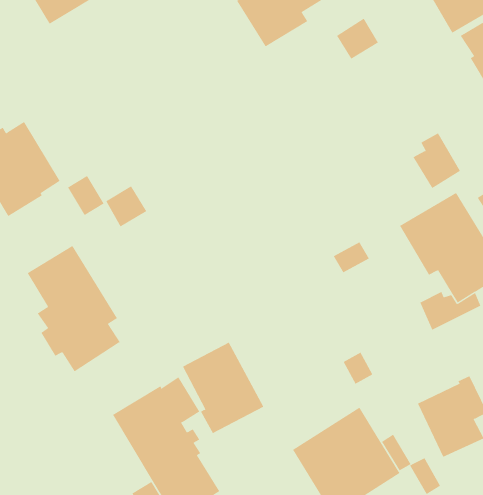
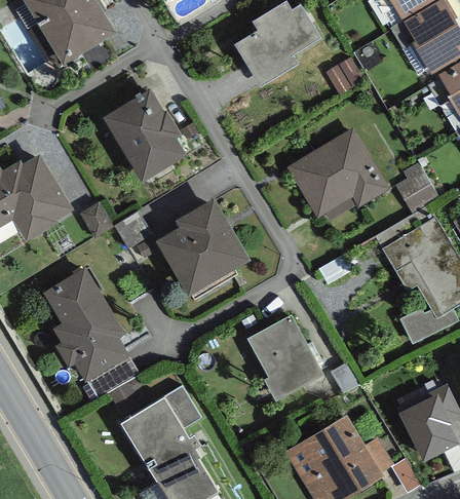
building: none -> [103,87,186,180]
building: none -> [286,127,391,223]
building: none -> [156,196,250,294]
building: [182,342,264,434] -> [247,315,322,399]
building: none -> [85,355,139,400]

